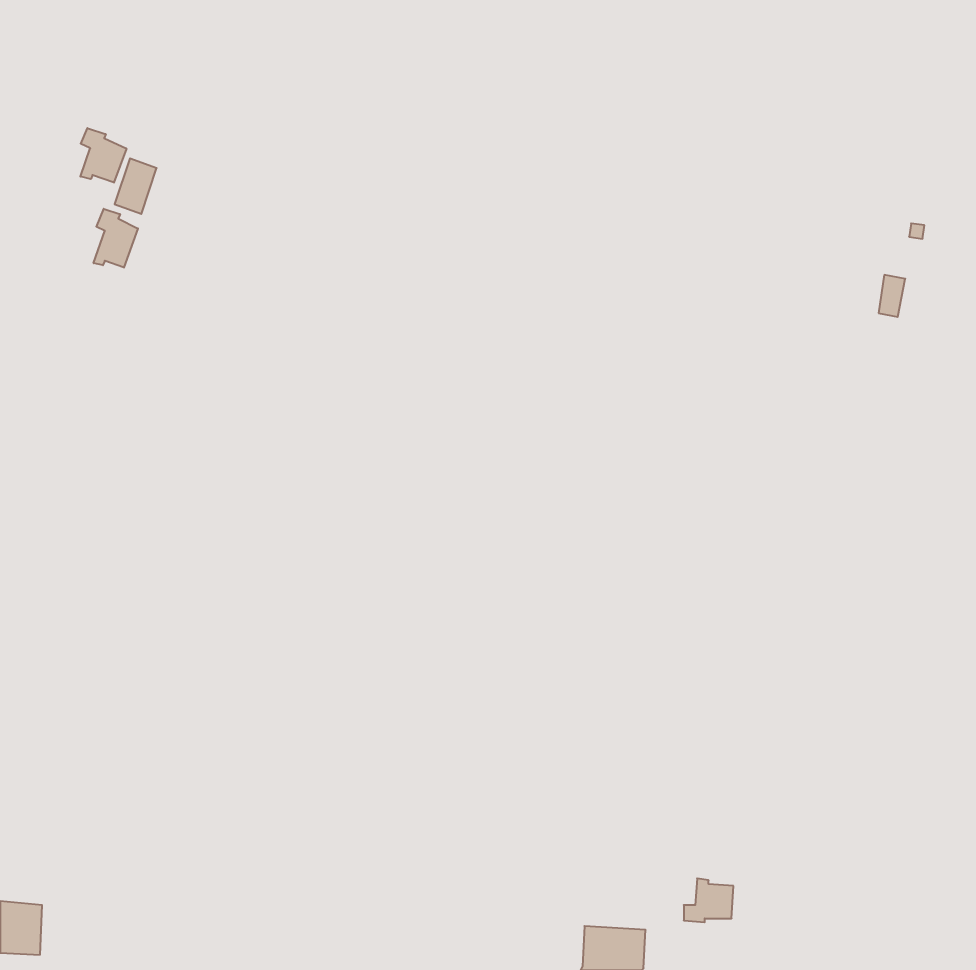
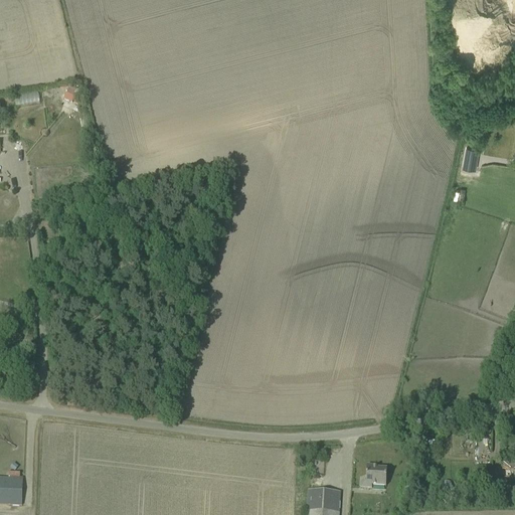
building: [80,128,126,183] -> none
building: [94,209,138,268] -> none

